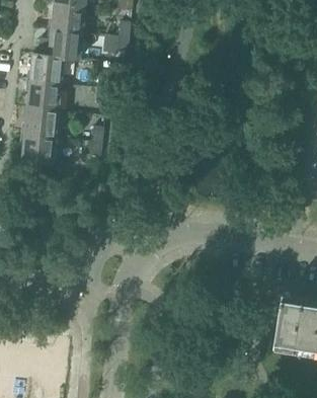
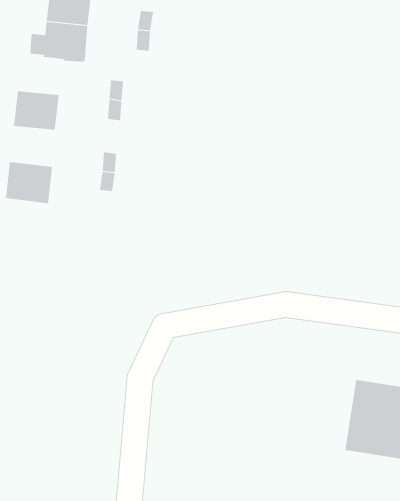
building: [28,54,63,85] -> none
building: [22,108,57,139] -> none

